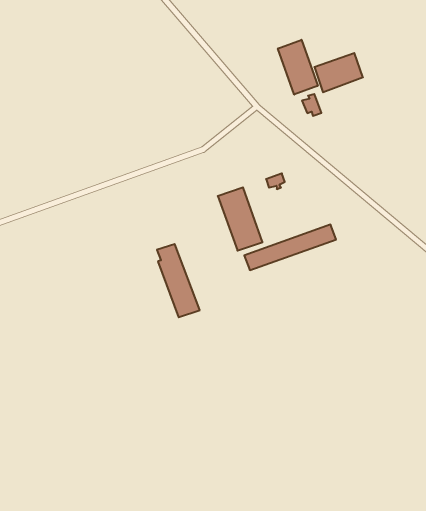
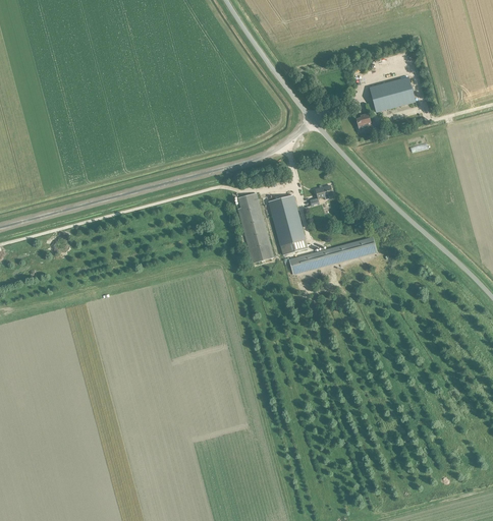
building: [278,40,318,95] -> none
building: [157,244,200,317] -> [237,193,273,263]

